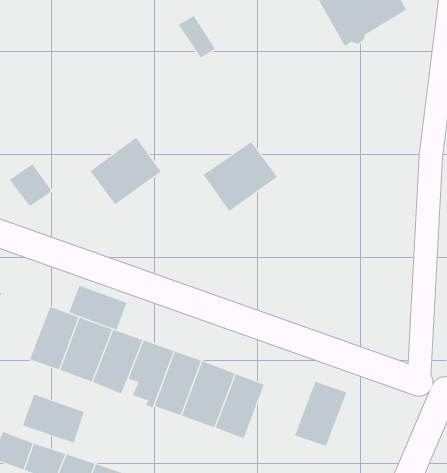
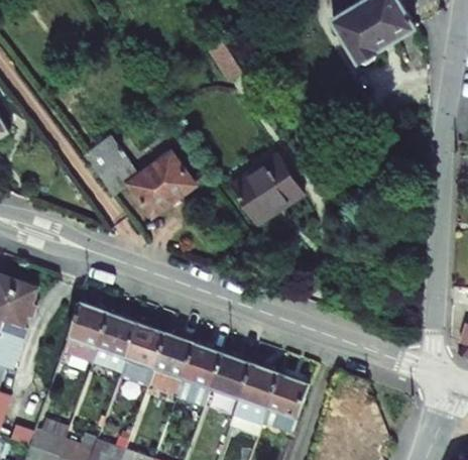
building: [9,163,52,207] -> [87,148,127,189]
building: [69,285,127,330] -> none
building: [294,381,347,446] -> [264,376,314,437]
building: [22,394,84,443] -> none

